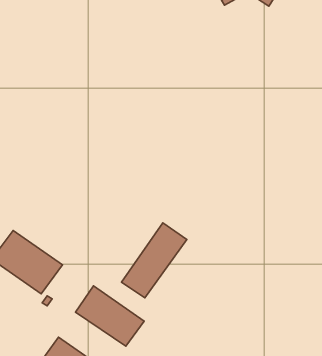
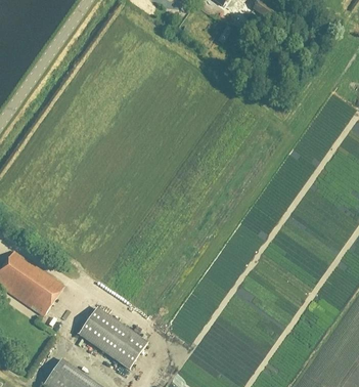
building: [121,223,187,298] -> none

